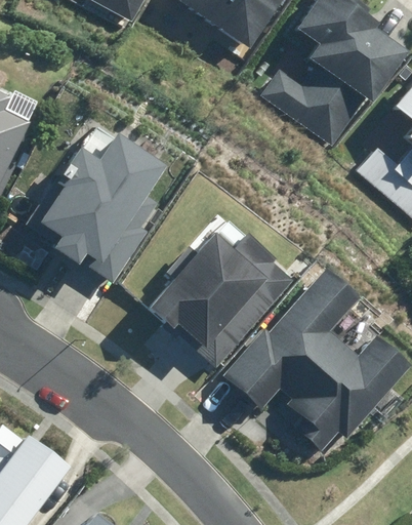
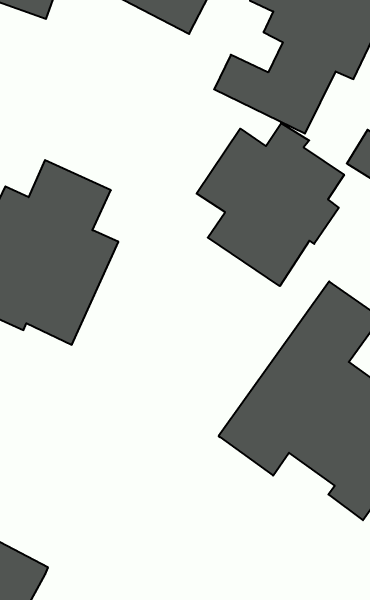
building: none -> [197,123,344,286]
building: [149,232,294,368] -> none

